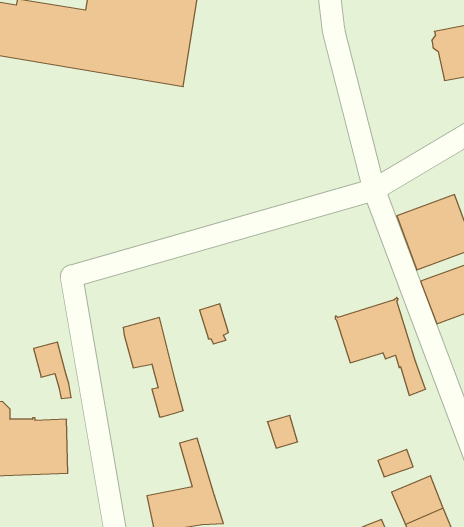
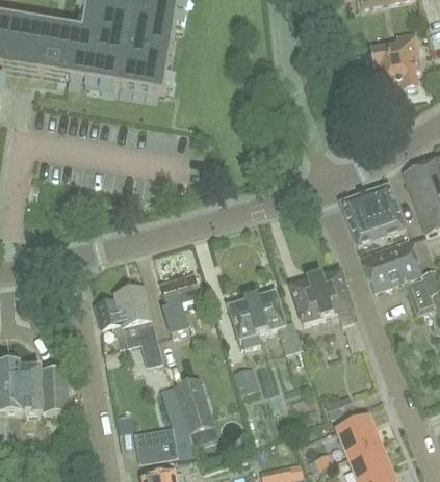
building: none -> [159,277,187,333]
building: none -> [227,289,300,352]
building: [34,342,71,399] -> [94,298,125,345]
building: none -> [174,376,212,431]

